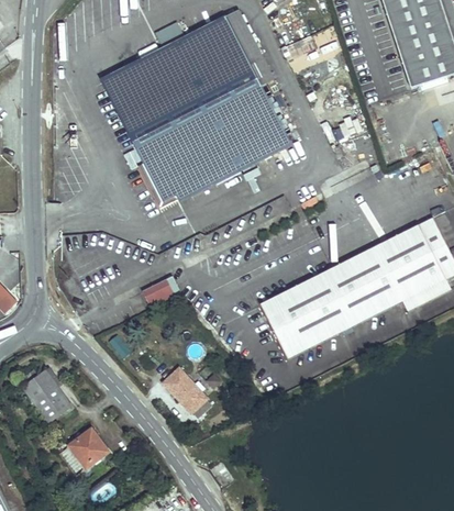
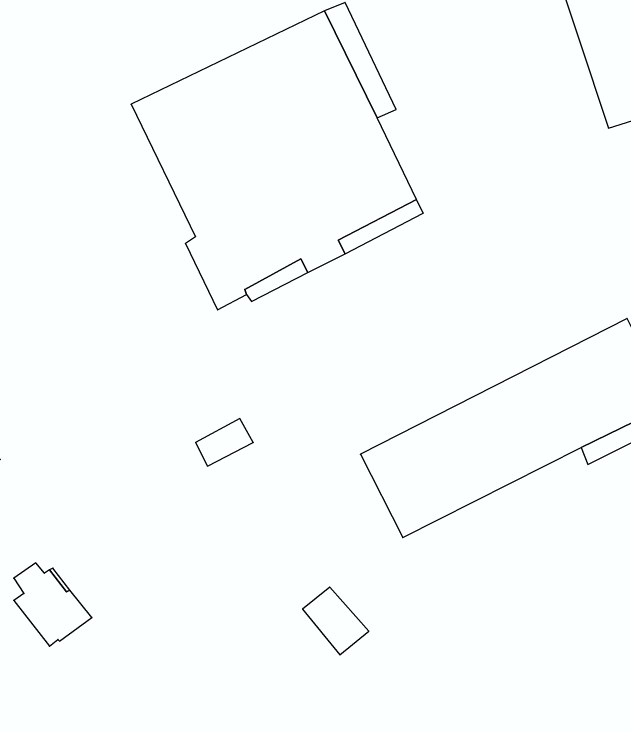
building: [164,371,207,415] -> [303,587,369,655]
building: [69,433,108,473] -> none

